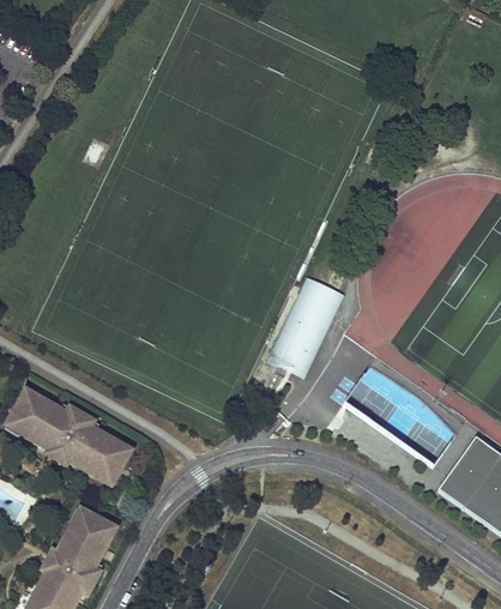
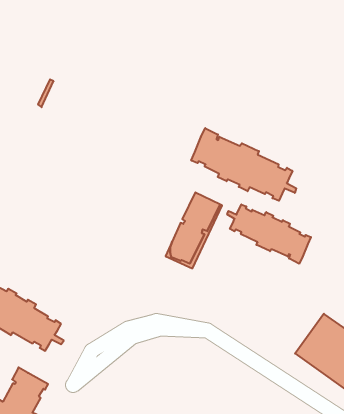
building: none -> [191,128,296,201]
building: none -> [227,204,311,264]

